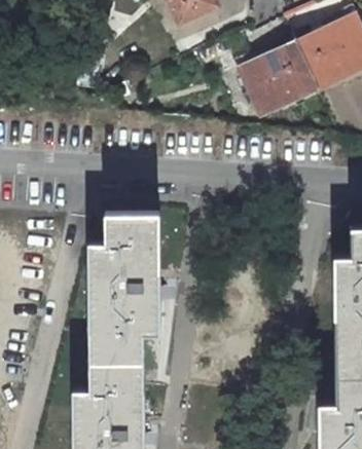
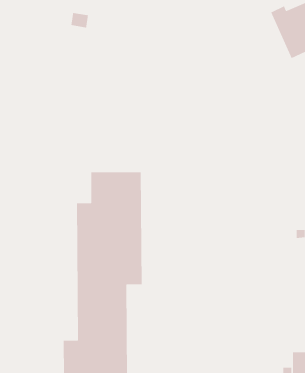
building: [244,44,320,115] -> none

